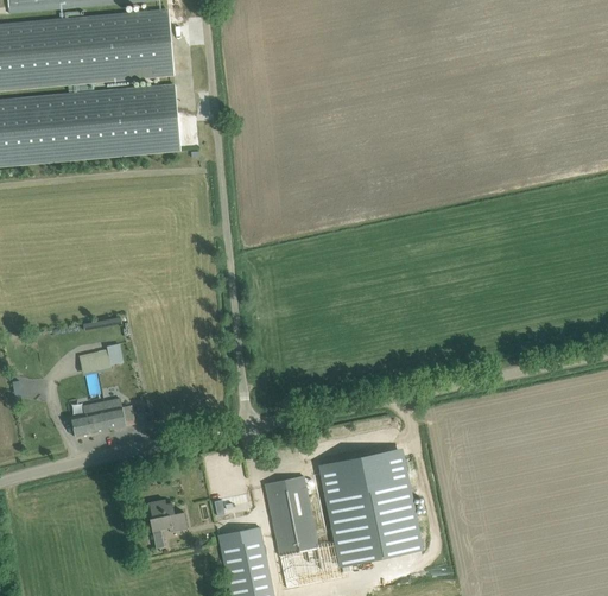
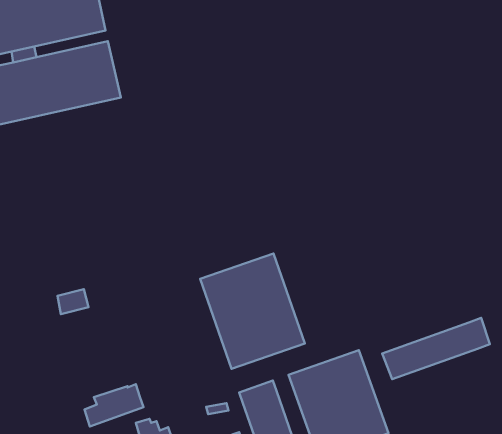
building: none -> [200,254,305,369]
building: [70,395,134,435] -> [84,384,143,426]
building: none -> [382,318,490,379]

